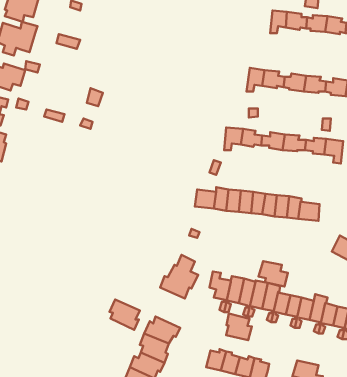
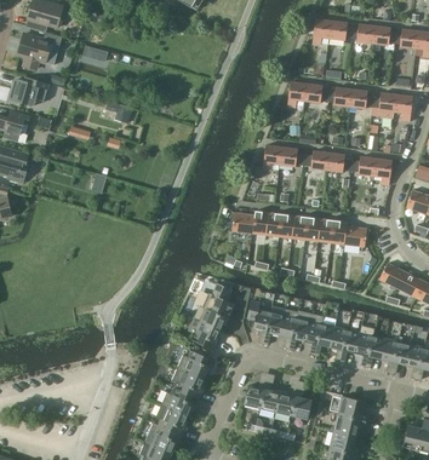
building: [259,261,288,286] -> none
building: [110,299,140,330] -> [188,317,221,350]
building: [226,314,252,340] -> none

